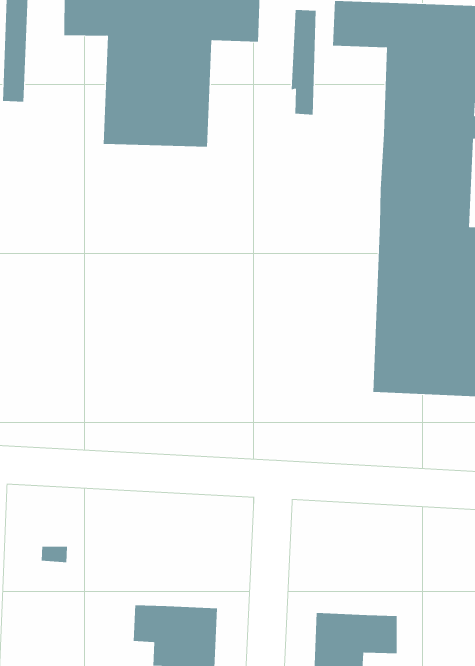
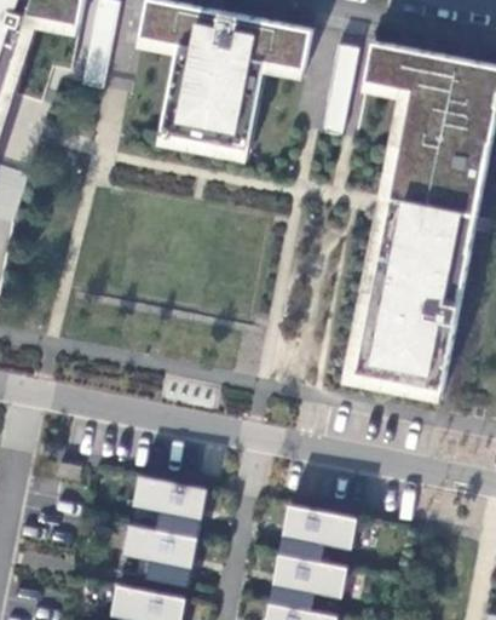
building: none -> [133,476,208,538]
building: none -> [279,505,357,562]

